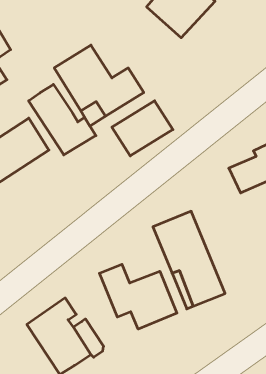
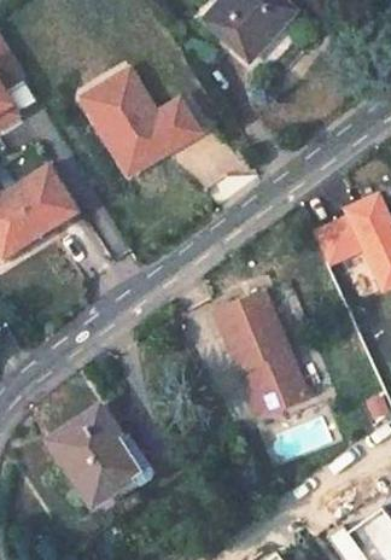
building: [29,84,96,155] -> none
building: [112,101,173,156] -> none
building: [99,264,177,329] -> none

